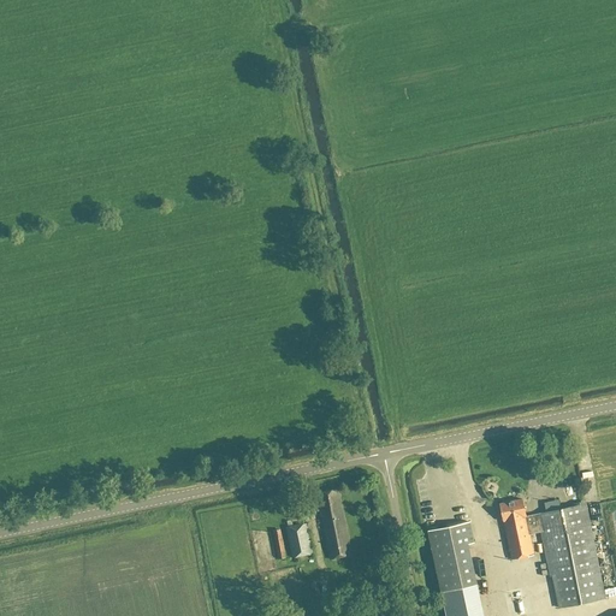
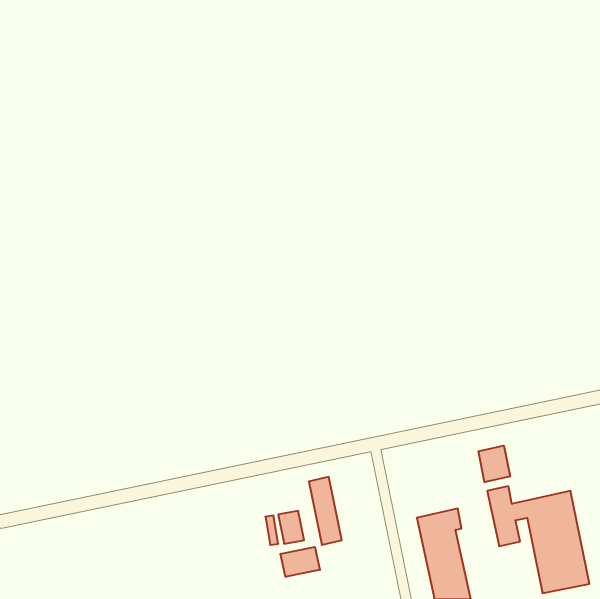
building: none -> [478,446,510,482]
building: none -> [280,547,320,577]

